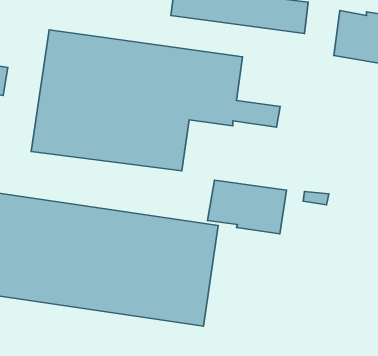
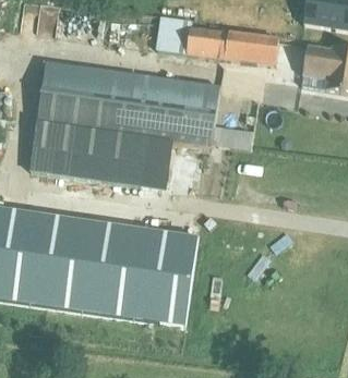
building: [208,180,287,234] -> none

